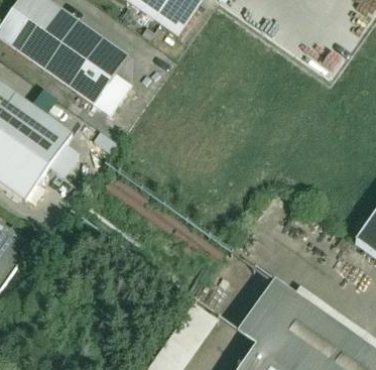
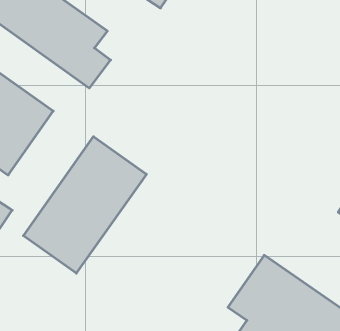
building: none -> [23,137,146,273]

